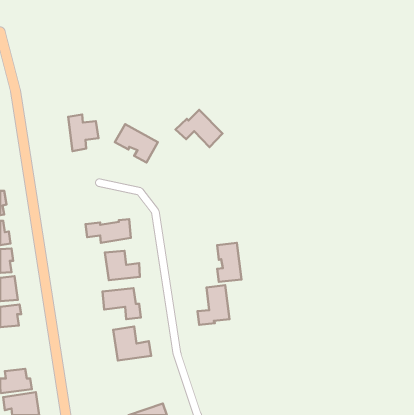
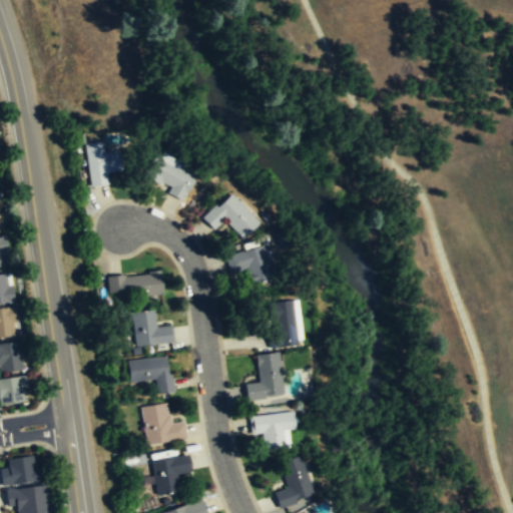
building: [175,110,223,147] -> [201,193,260,239]
building: none -> [226,243,280,285]
building: none -> [249,410,297,450]
building: none -> [152,454,192,495]
building: none -> [275,454,315,508]

